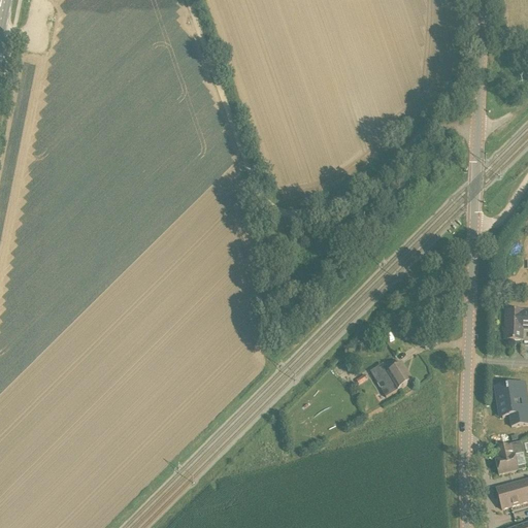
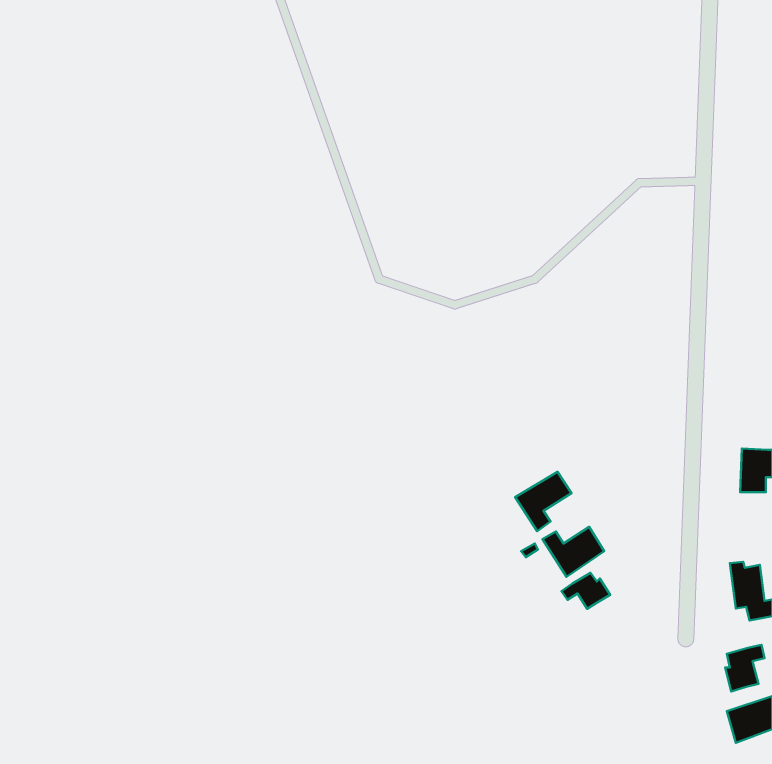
building: none -> [515,472,571,531]
building: none -> [562,573,610,609]

